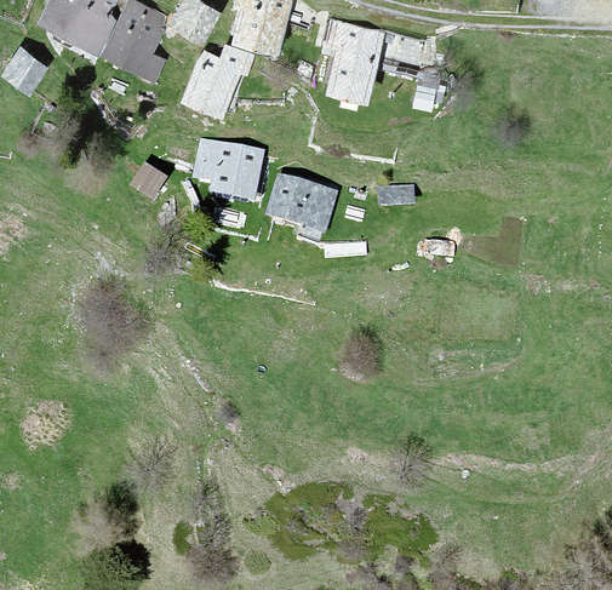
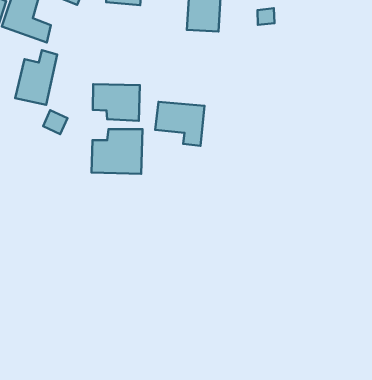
building: [184,47,245,115] -> [15,50,57,105]
building: none -> [92,129,142,174]

